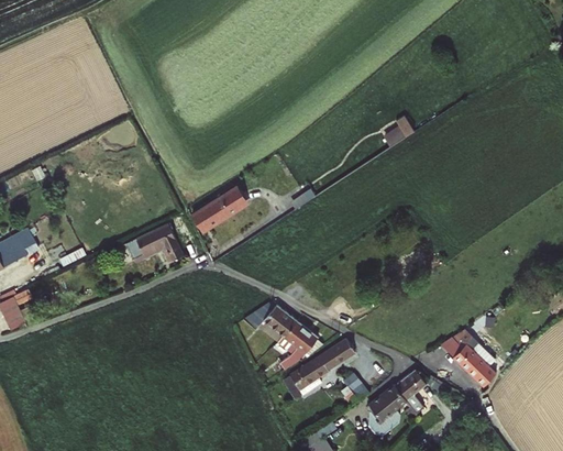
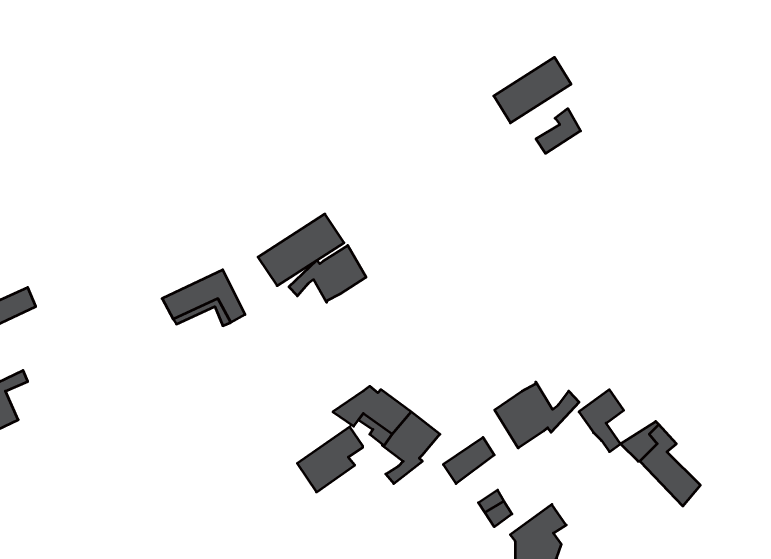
building: none -> [494,57,571,123]
building: none -> [289,245,366,302]
building: none -> [495,382,579,448]
building: [283,358,328,403] -> [297,427,363,492]
building: [394,370,424,413] -> [579,390,624,452]

